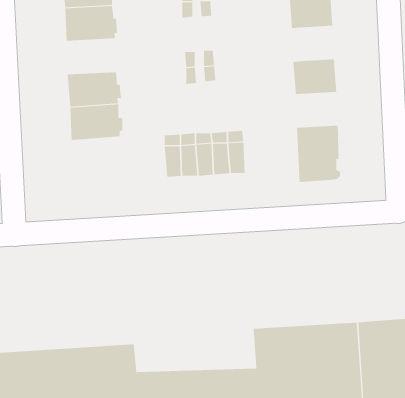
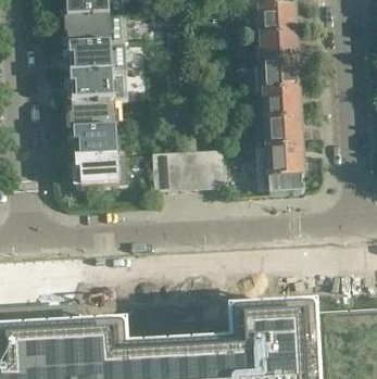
building: none -> [250,49,299,80]
building: none -> [70,60,116,90]
building: none -> [251,105,302,136]
building: none -> [74,143,121,177]

